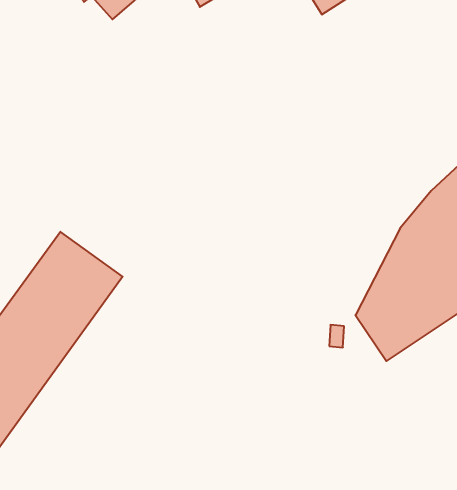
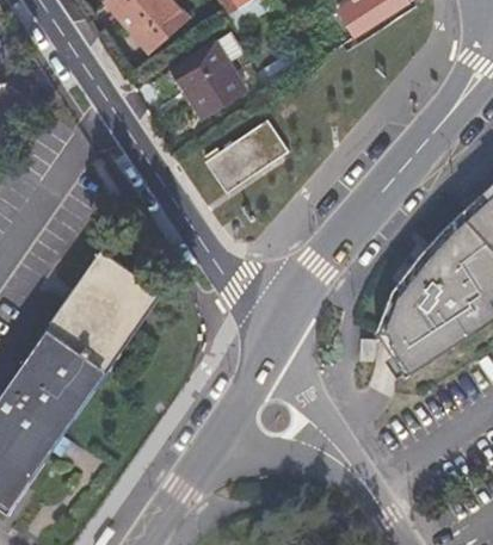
building: none -> [173,45,245,119]
building: none -> [207,120,290,194]

